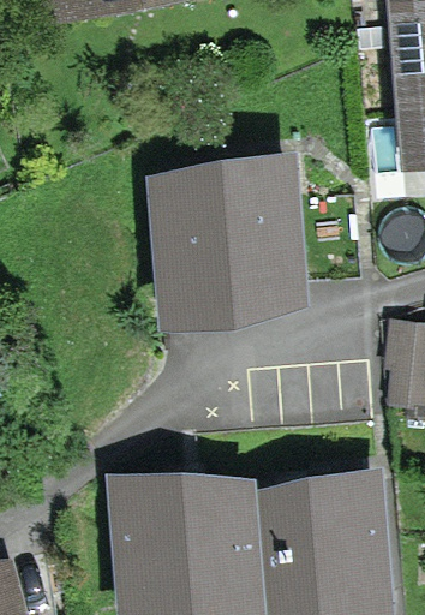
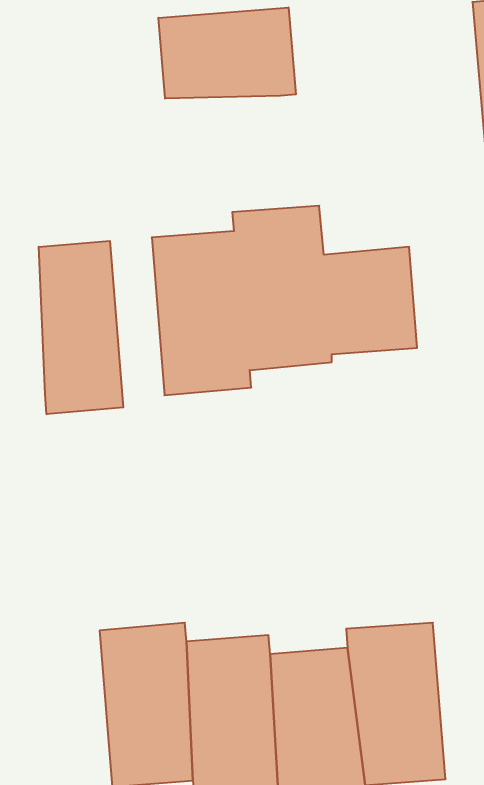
building: none -> [158,7,296,99]
building: none -> [39,241,123,414]

